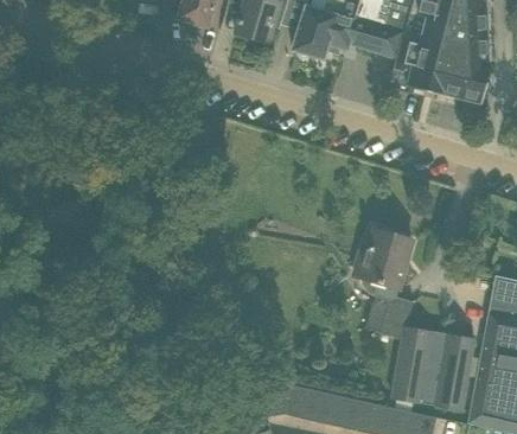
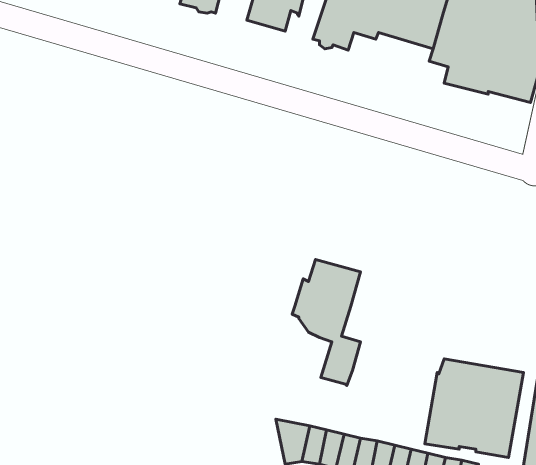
building: [353,230,413,339] -> [292,259,361,386]

